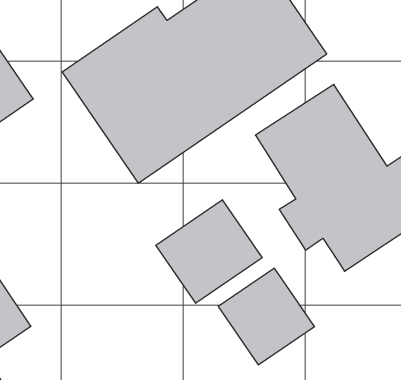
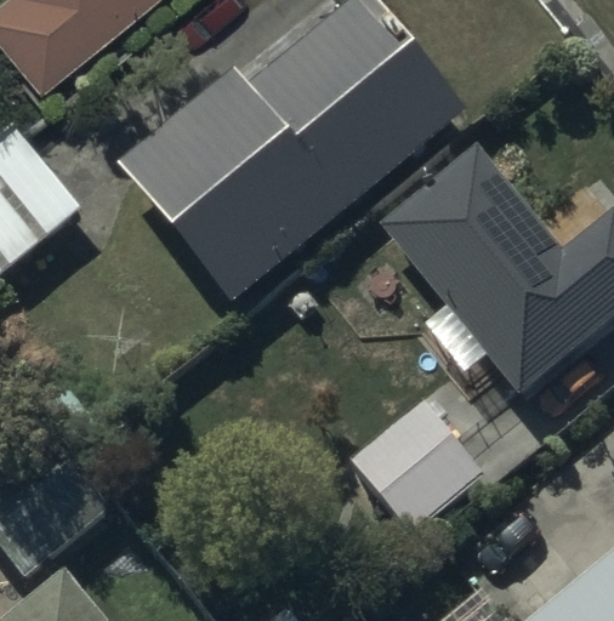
building: [156,200,262,303] -> none

